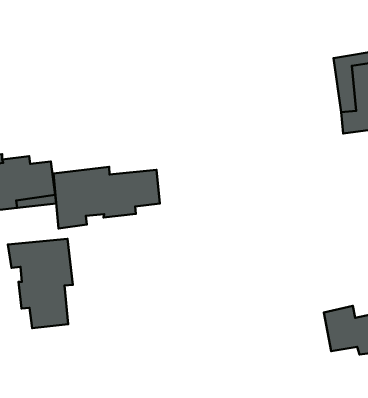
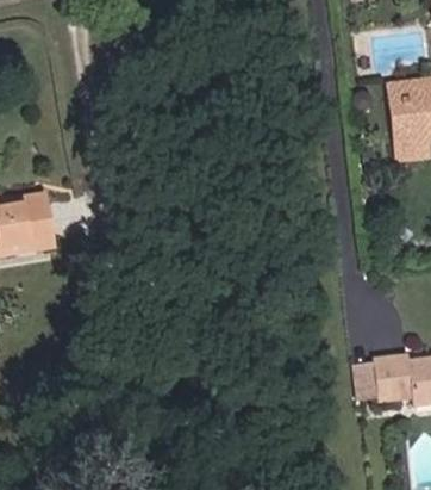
building: [53,167,160,228] -> none
building: [8,239,73,328] -> none

